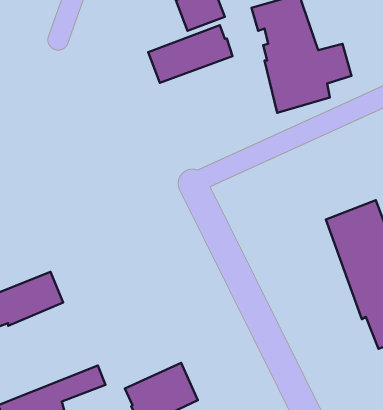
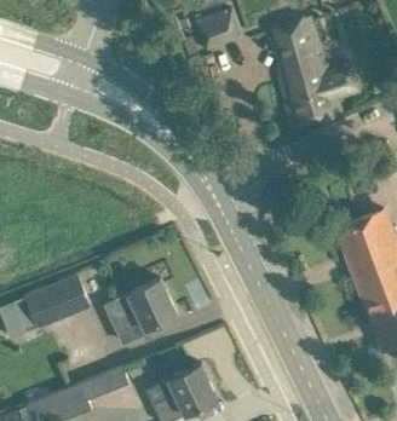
building: [148,25,232,83] -> none
building: none -> [105,278,176,342]

